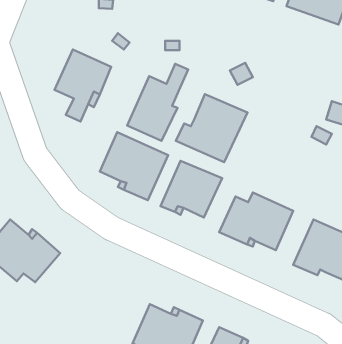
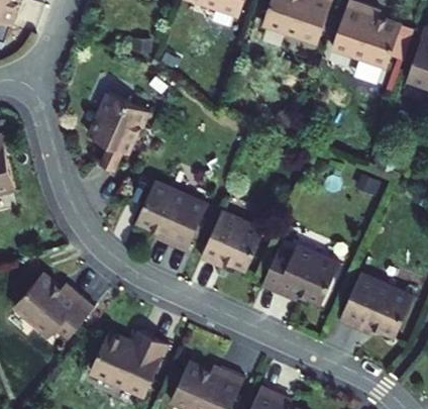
building: [127,64,188,141] -> none
building: [176,94,248,162] -> none
building: none -> [90,331,169,398]

